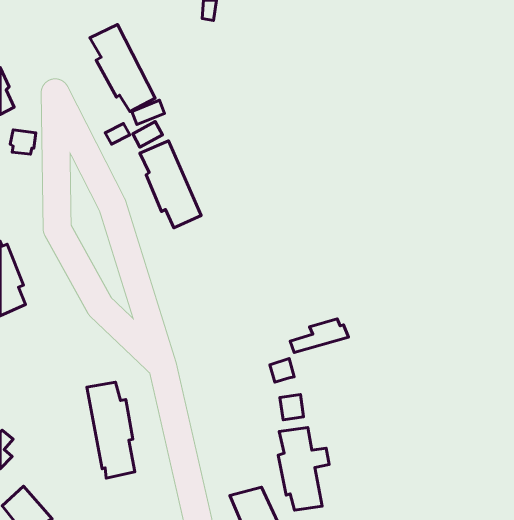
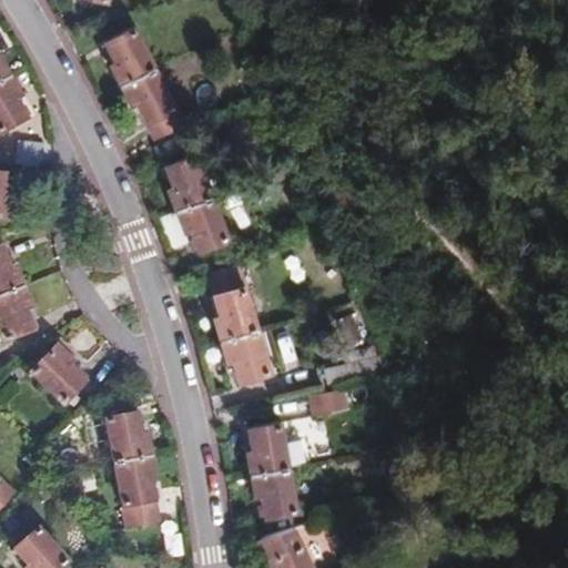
building: none -> [214,267,270,382]
building: none -> [34,344,88,402]
building: [278,428,329,510] -> [248,424,304,514]

